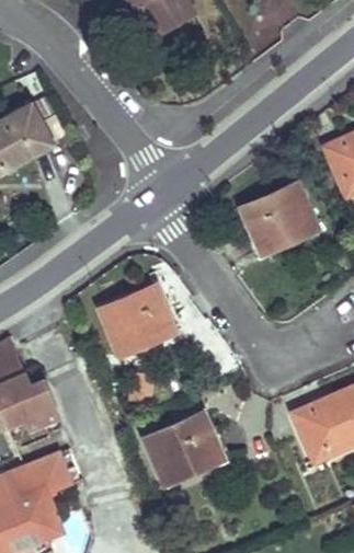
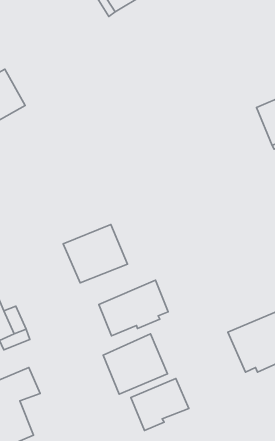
building: [241,183,317,252] -> none
building: none -> [99,280,168,336]
building: none -> [131,378,189,430]

